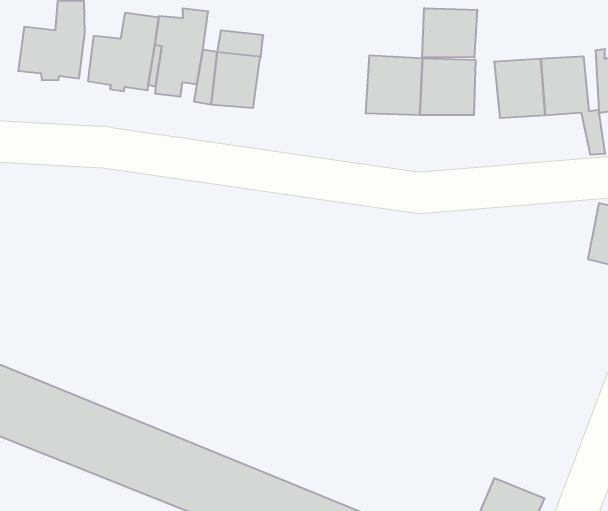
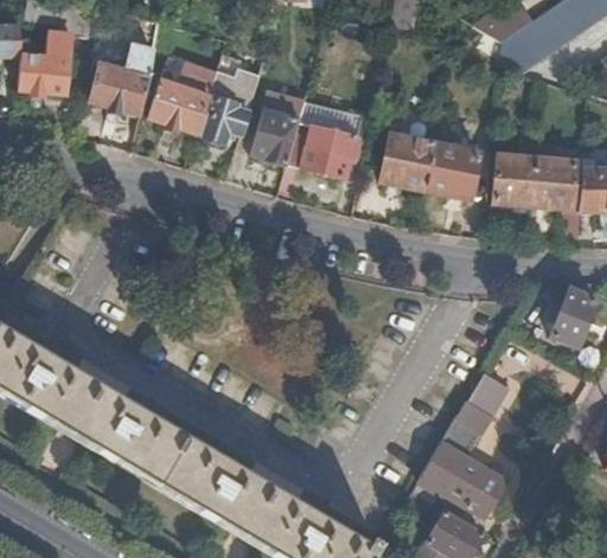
building: [422,8,477,58] -> none
building: none -> [287,121,364,177]
building: none -> [421,374,509,515]

